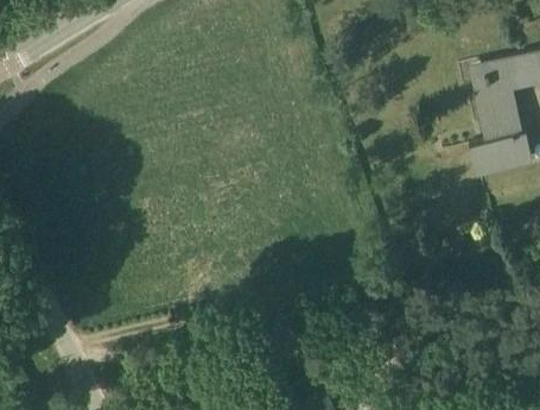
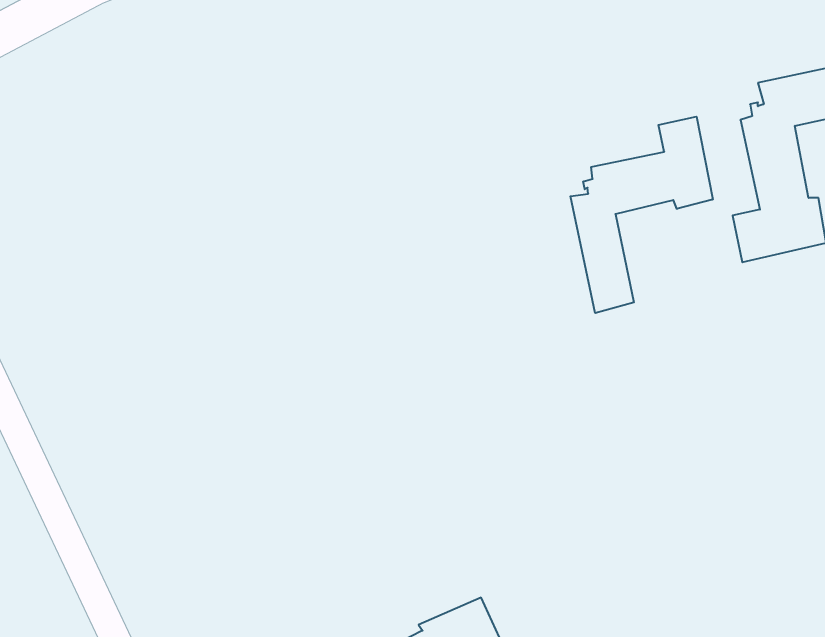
building: none -> [570,117,713,313]

